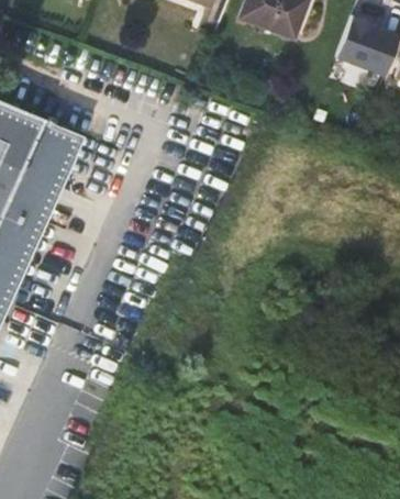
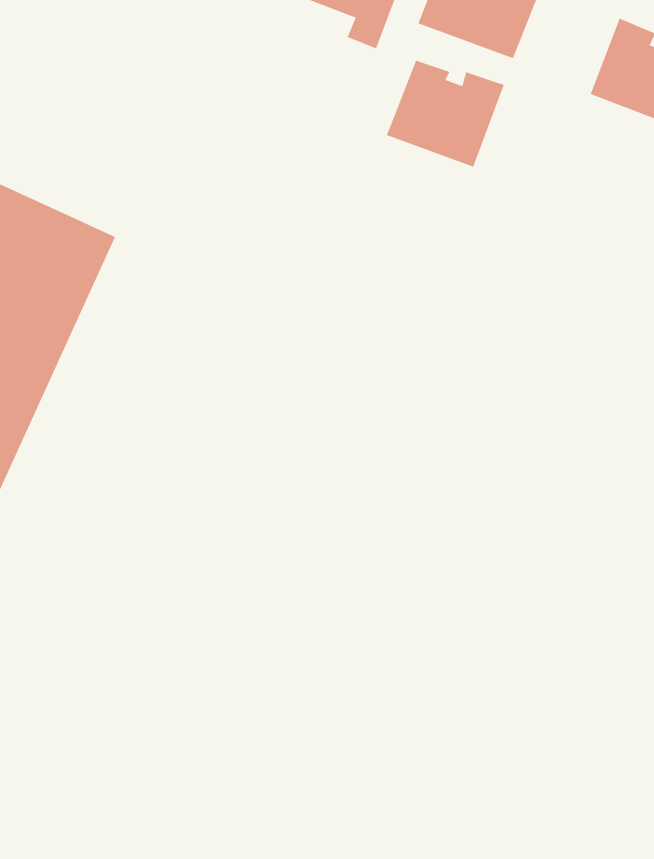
building: none -> [386,60,504,168]

